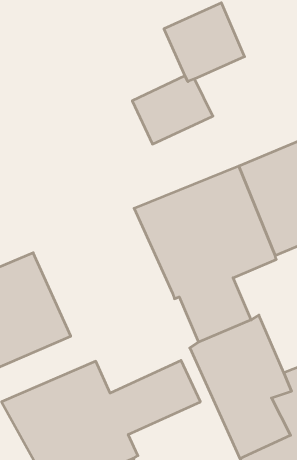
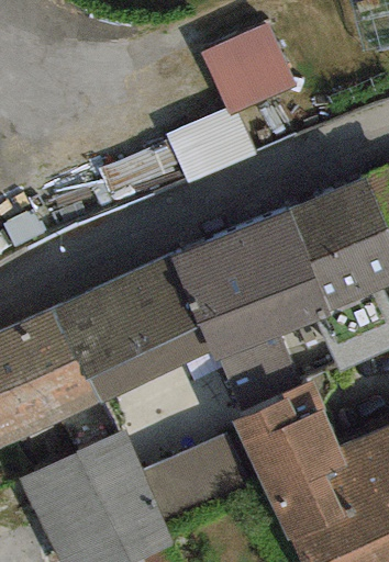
building: none -> [52,258,211,404]

